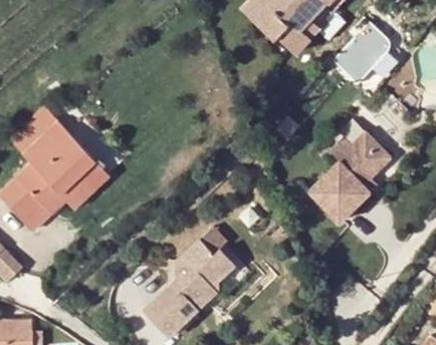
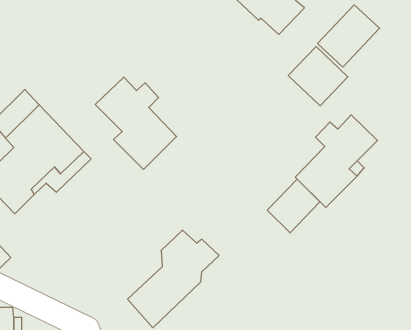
building: none -> [288,47,348,106]
building: none -> [95,77,177,169]
building: none -> [267,179,320,233]

